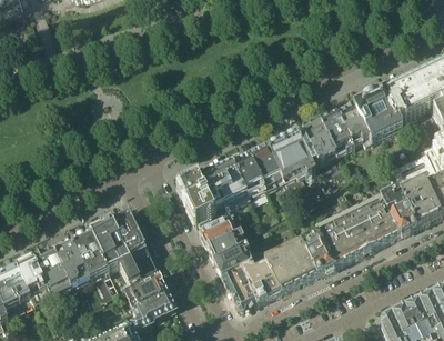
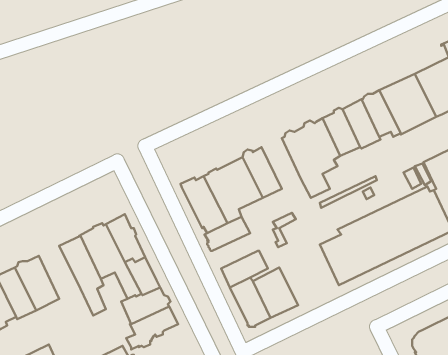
building: [249,144,283,189] -> none
building: [205,228,245,259] -> none
building: [263,234,316,291] -> none
building: [53,238,90,285] -> none

